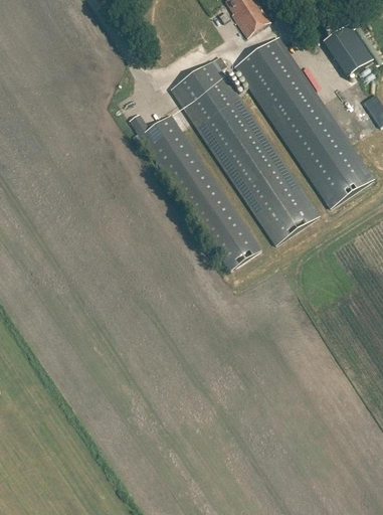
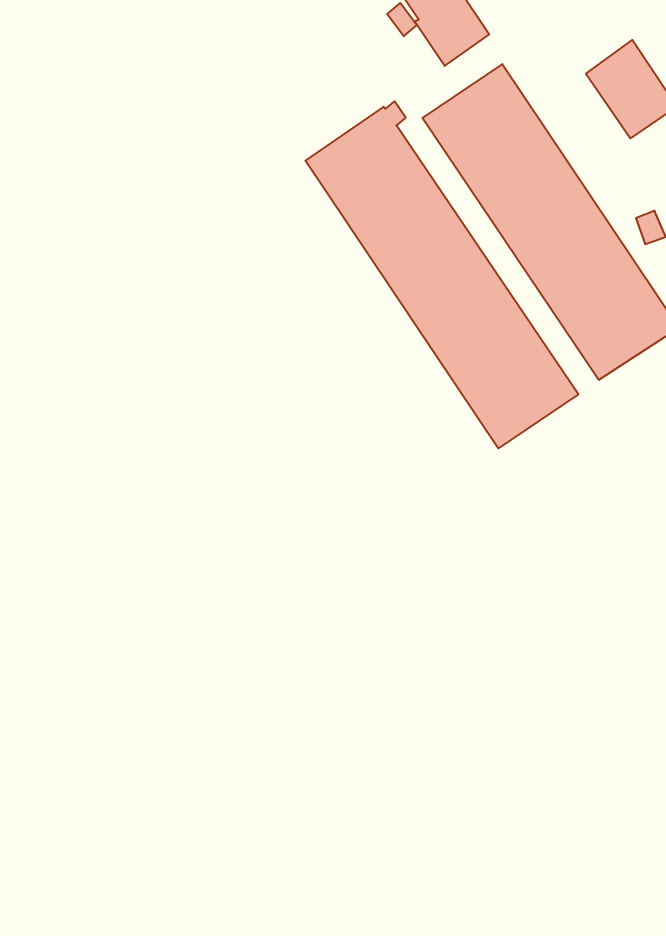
building: [129,114,260,270] -> none

